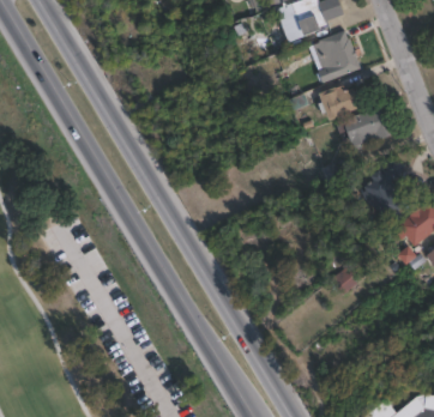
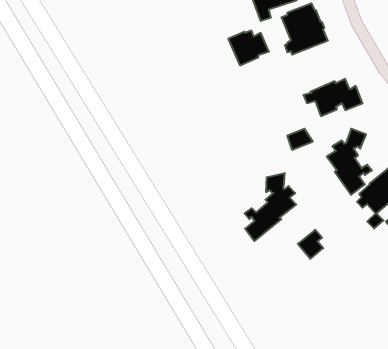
building: [320,85,362,121] -> [228,31,269,65]
building: none -> [245,173,296,241]

